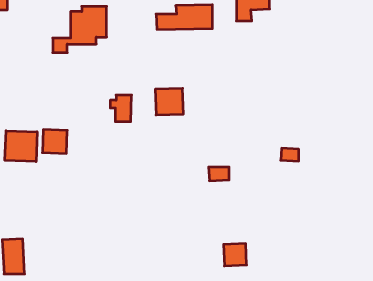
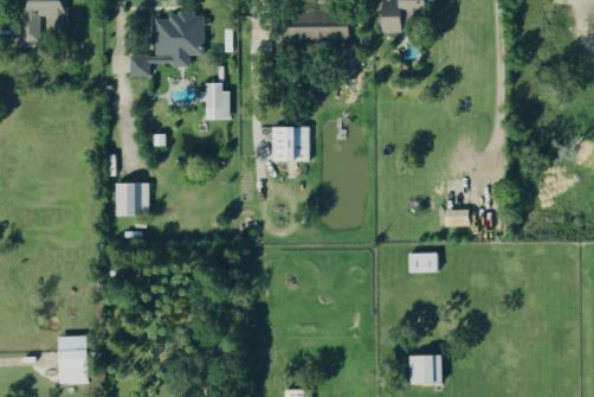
building: [110,95,132,122] -> [198,83,227,120]
building: [5,131,37,162] -> none
building: [209,167,229,181] -> [408,252,437,271]
building: [224,244,247,266] -> [411,352,443,383]

